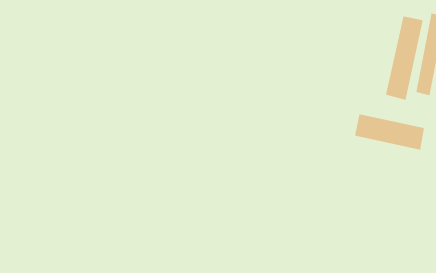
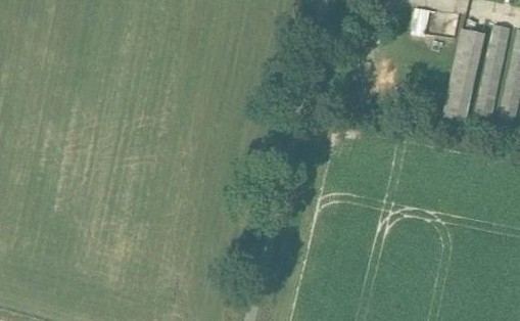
building: [354,113,425,151] -> none

